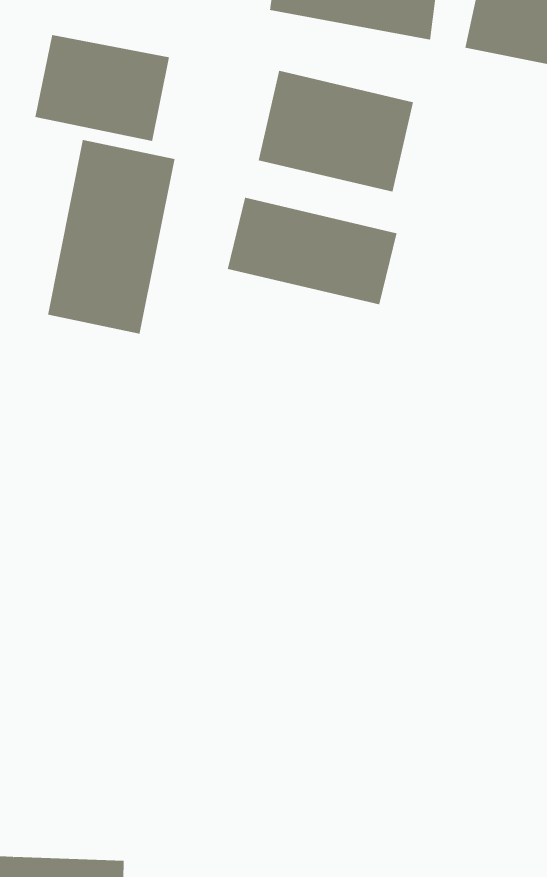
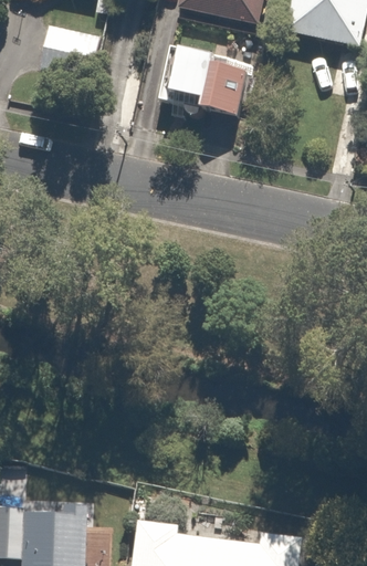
building: [47,139,175,334] -> none
building: [227,197,397,305] -> none

